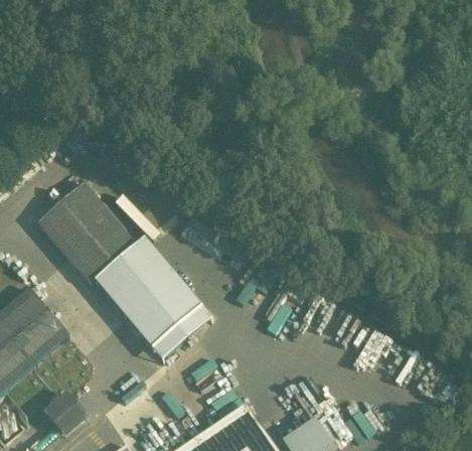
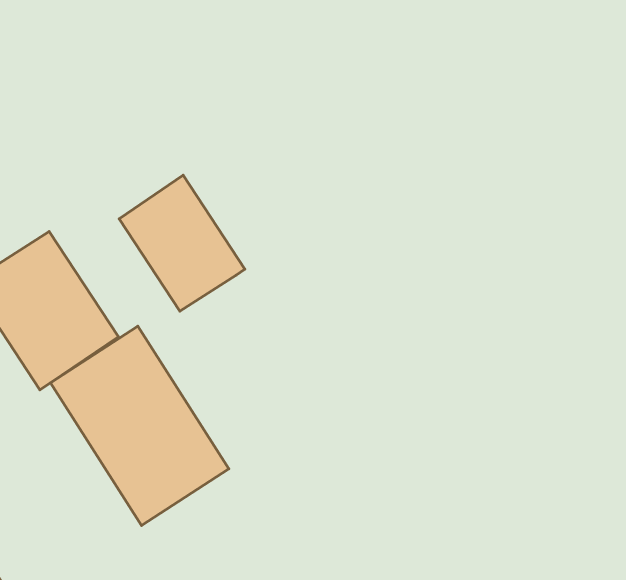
building: none -> [119,175,245,311]

